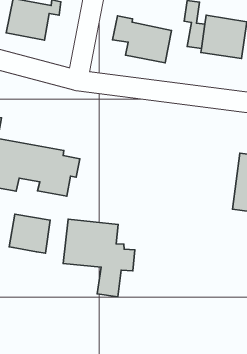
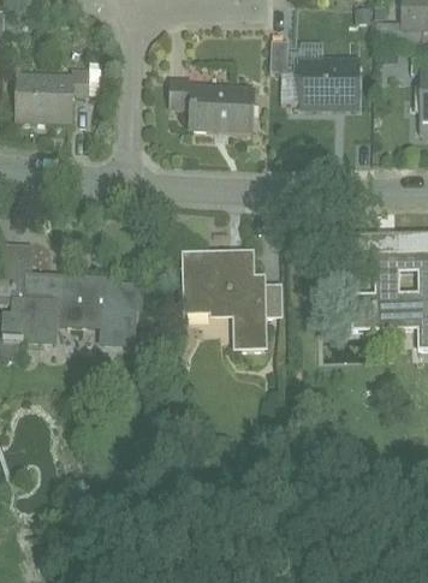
building: [9,214,50,253] -> none
building: [63,219,135,297] -> [177,248,279,350]

